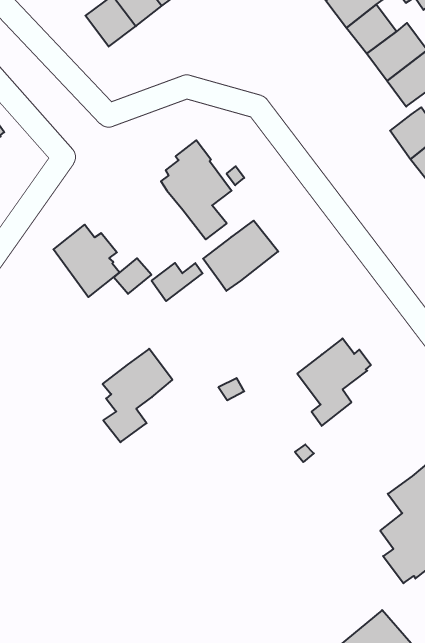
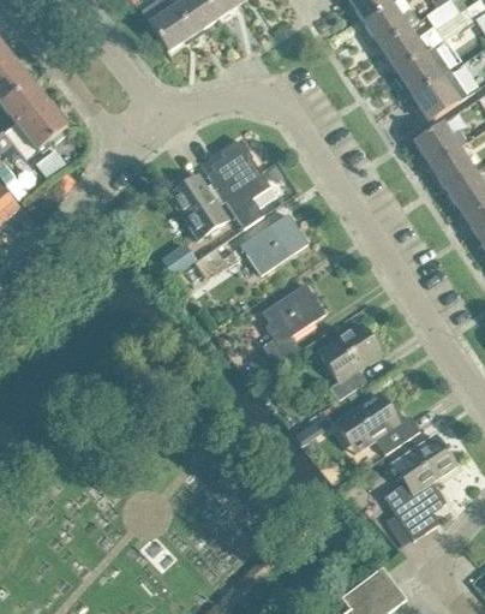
building: [53,225,119,297] -> [168,173,226,238]
building: [103,349,172,442] -> [261,282,324,364]
building: none -> [336,392,419,453]

